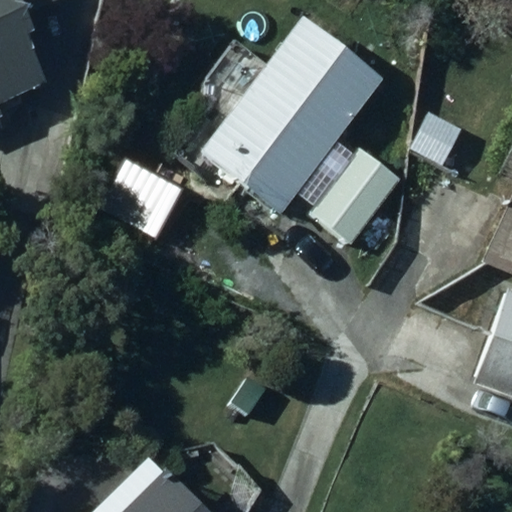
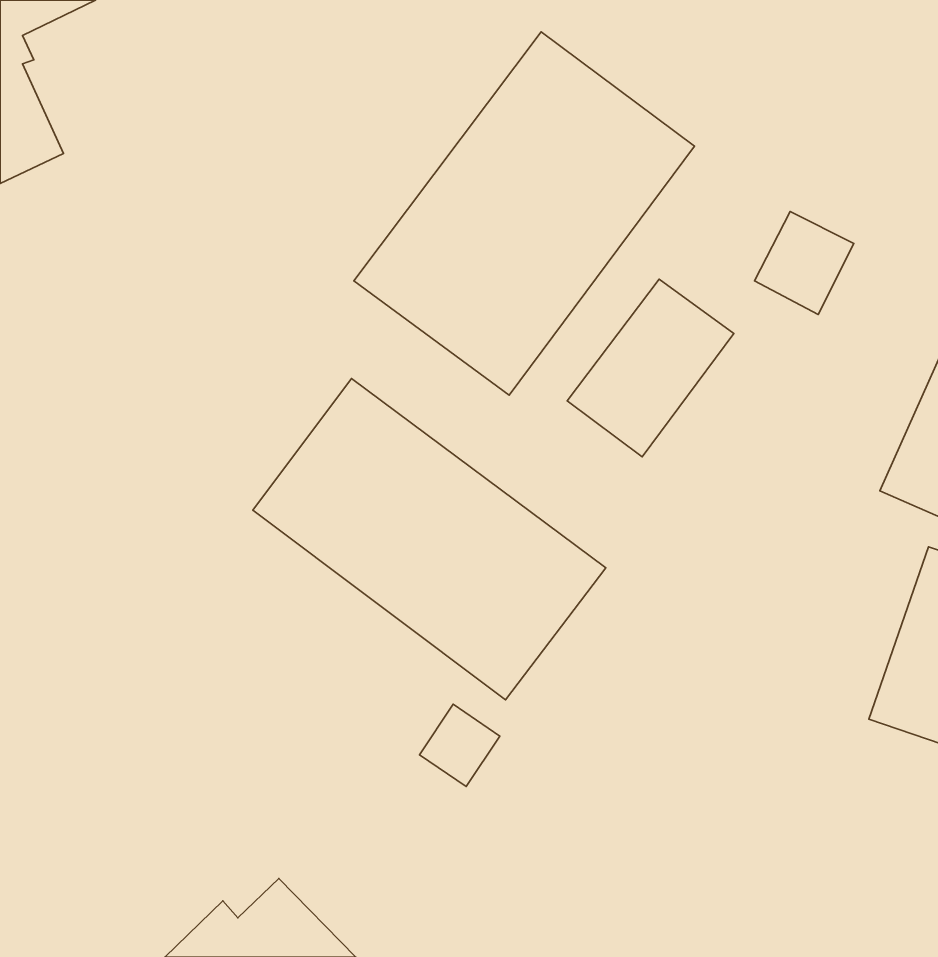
building: none -> [253,379,606,700]

